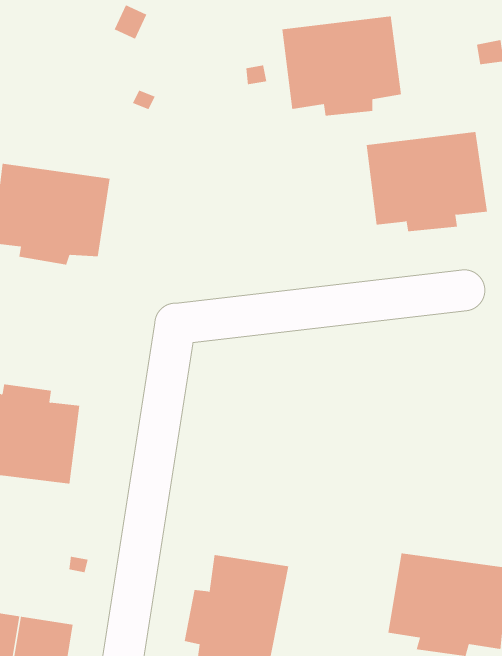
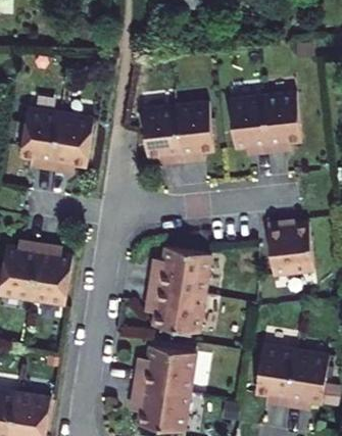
building: [281,16,402,116] -> [149,102,223,163]
building: none -> [258,226,305,279]
building: none -> [138,250,203,336]

